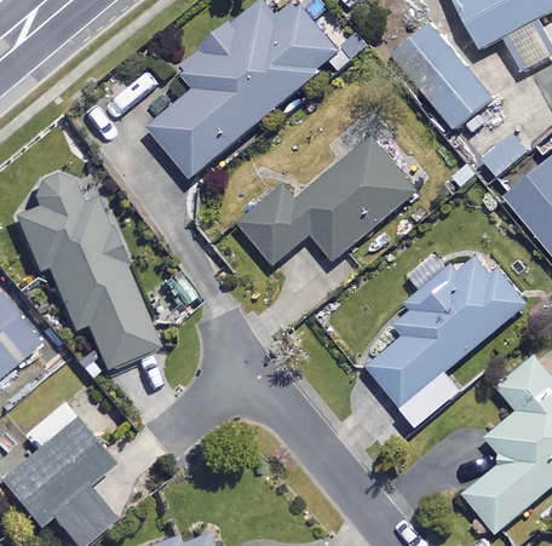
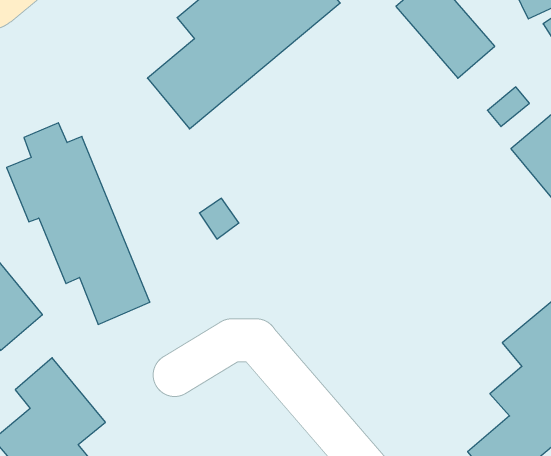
building: [240,137,416,264] -> none
building: [364,254,523,426] -> none

